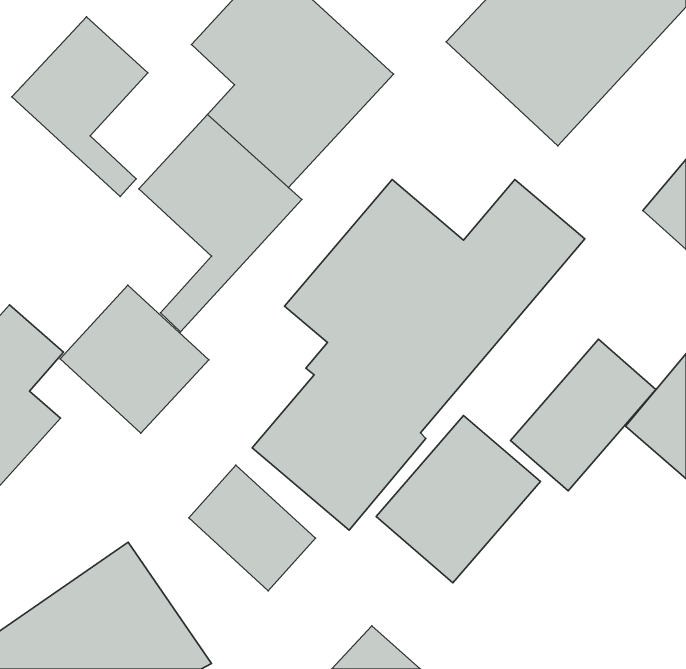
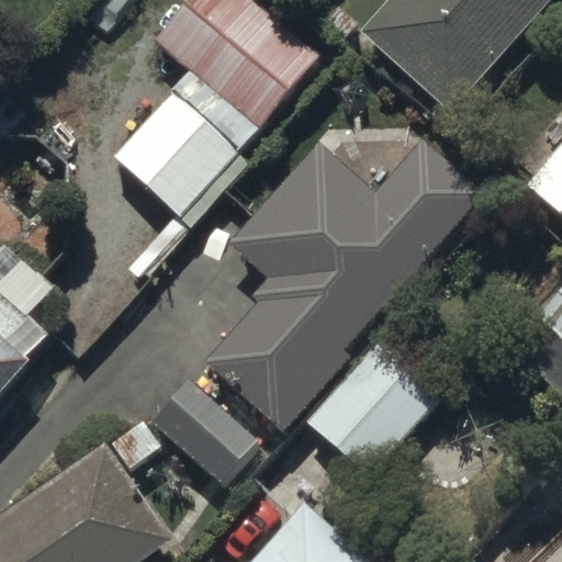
building: [12,17,148,196] -> none
building: [60,285,209,433] -> none
building: [511,339,656,491] -> none

